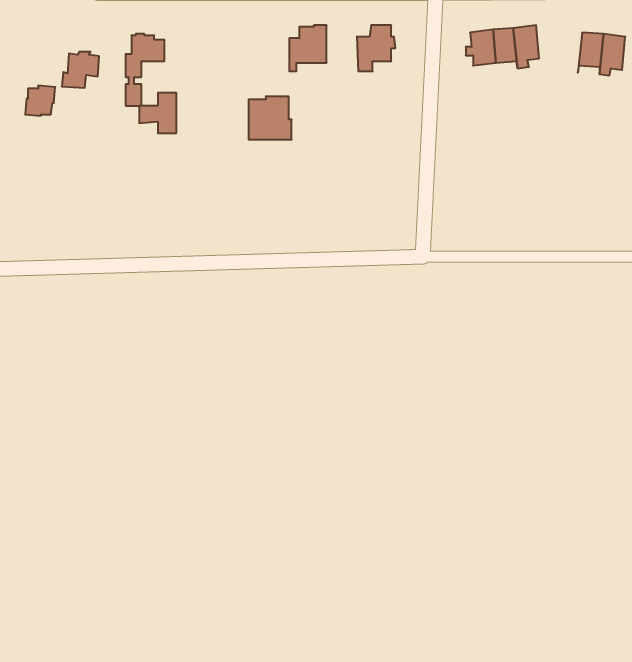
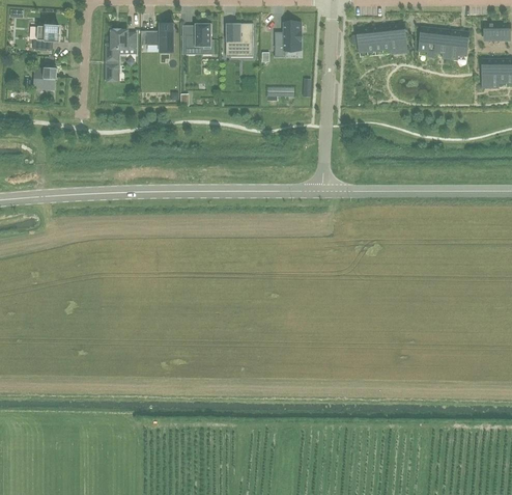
building: none -> [418,28,436,59]
building: [62,52,99,88] -> [32,26,59,52]
building: [139,93,176,133] -> [146,25,173,54]
building: [249,96,292,140] -> [179,25,210,56]

